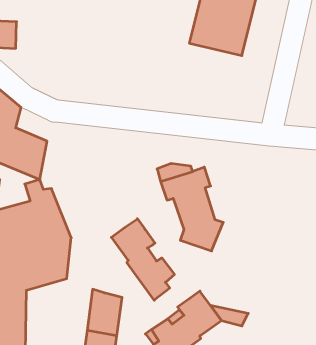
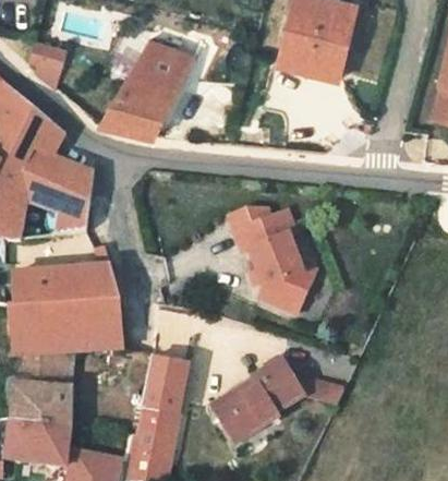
building: none -> [93,29,191,140]
building: [111,219,174,300] -> none

